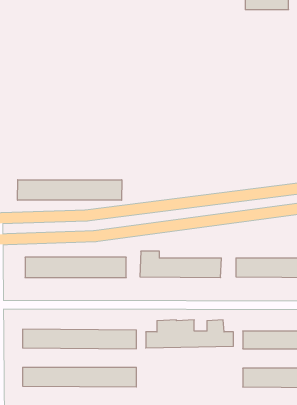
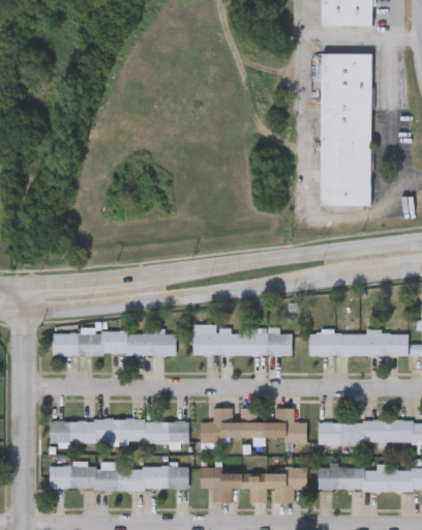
building: none -> [320,56,371,208]
building: [18,180,122,200] -> none
building: none -> [200,467,307,503]

